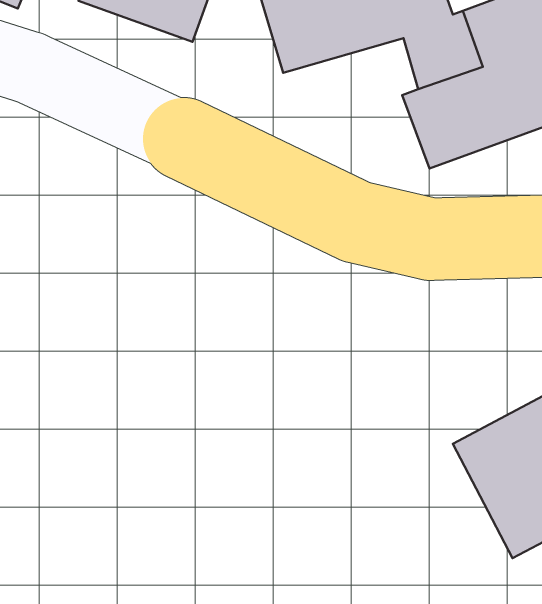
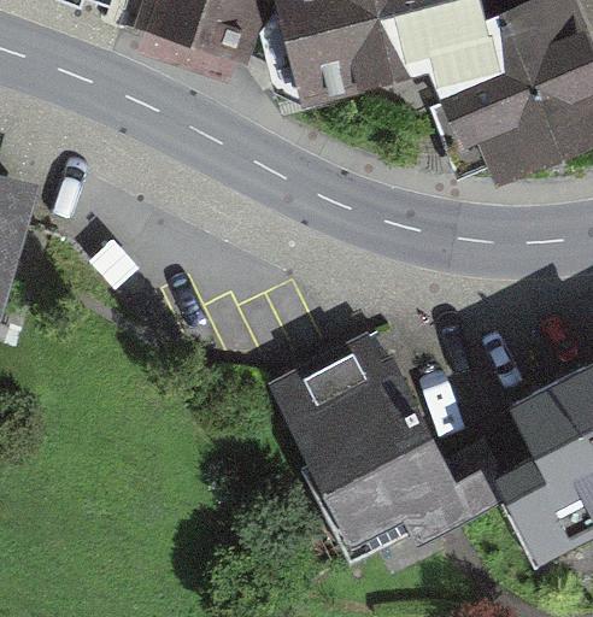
building: none -> [283,343,507,547]

